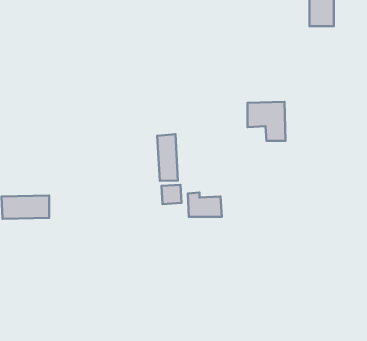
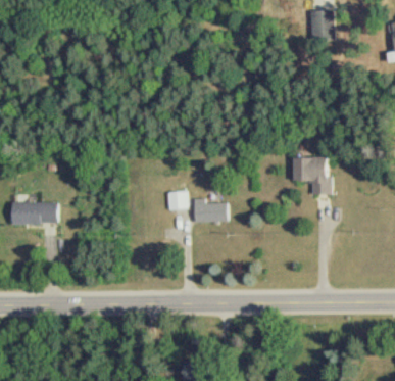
building: [248,102,286,141] -> [292,156,329,194]
building: [157,134,178,181] -> none

